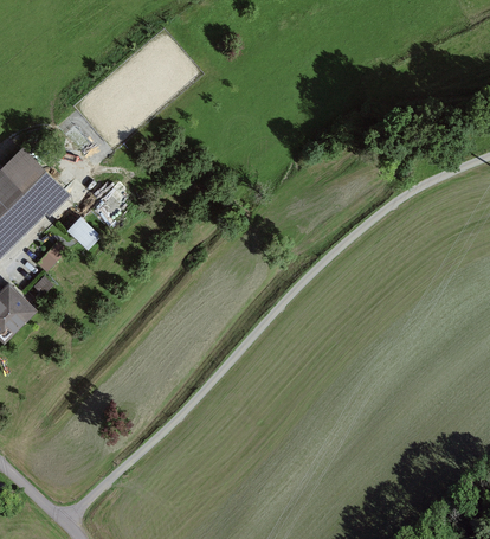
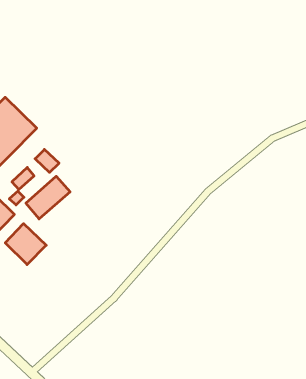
building: none -> [26,176,70,219]
building: none -> [5,224,46,265]

